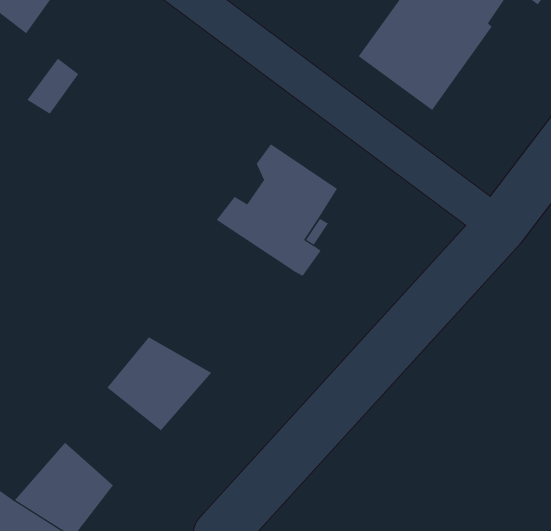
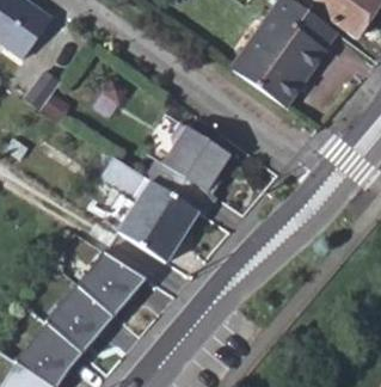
building: none -> [99,158,198,263]
building: none -> [47,288,110,352]

